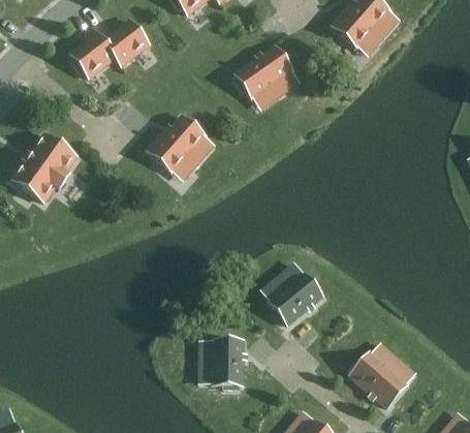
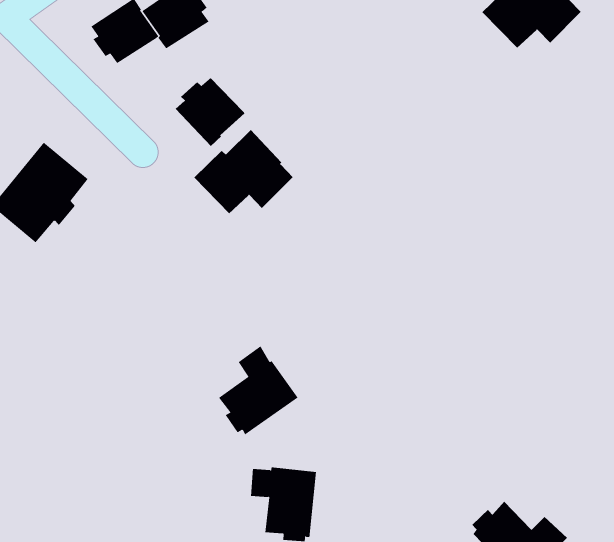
building: [233,45,297,99] -> none
building: none -> [175,77,245,147]
building: [268,264,321,324] -> [218,345,299,435]

